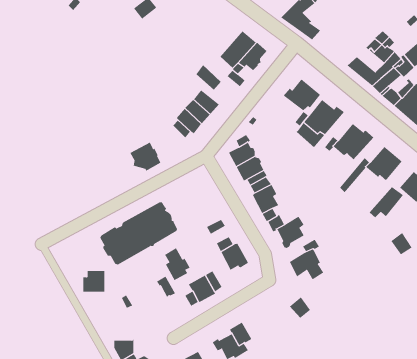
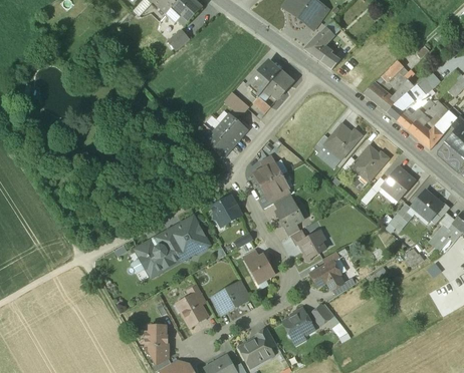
building: [283,79,321,111] -> none
building: [129,142,161,171] -> [211,197,240,224]
building: [164,247,190,281] -> [181,295,205,326]
building: [82,270,105,292] -> [145,325,166,345]
building: none -> [283,309,313,338]

